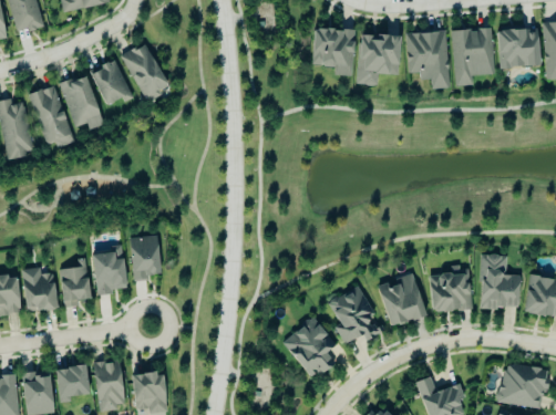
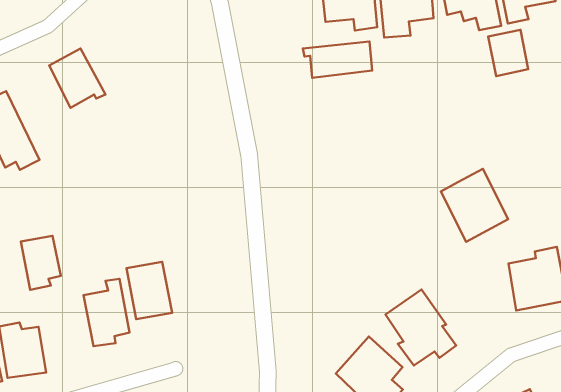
building: [121,42,168,103] -> none
building: [59,74,103,129] -> none
building: none -> [303,41,372,78]
building: none -> [488,30,528,76]
building: [60,267,87,307] -> [21,236,61,290]
building: [377,272,426,328] -> [441,169,508,242]

